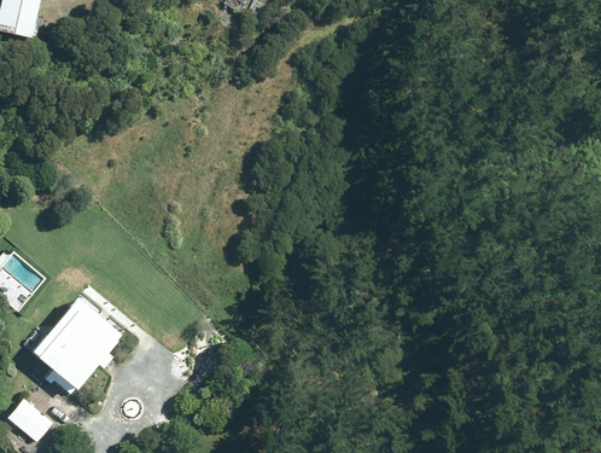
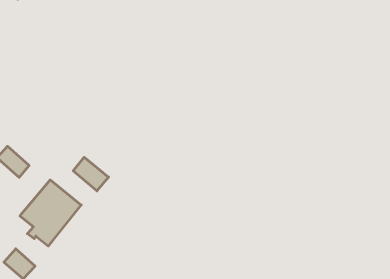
building: none -> [73,157,109,191]

